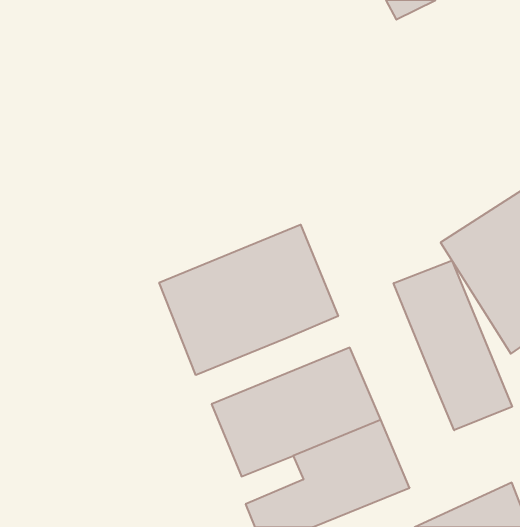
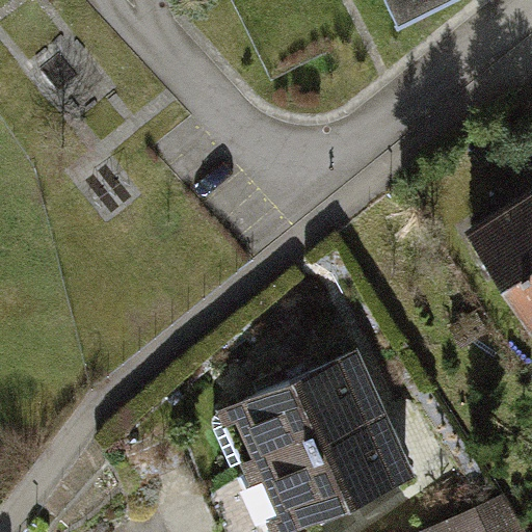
building: [159,225,338,375] -> none
building: [394,261,512,430] -> none

